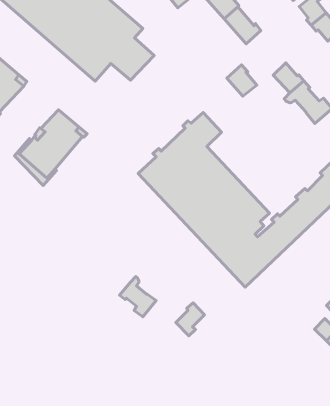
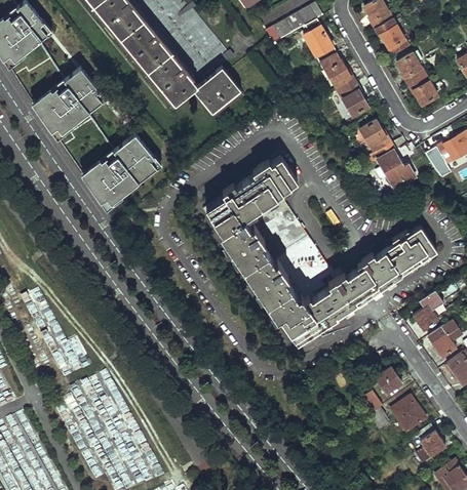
building: [227,65,257,96] -> [338,83,367,116]
building: [119,277,156,317] -> none
building: [176,303,204,336] -> none

